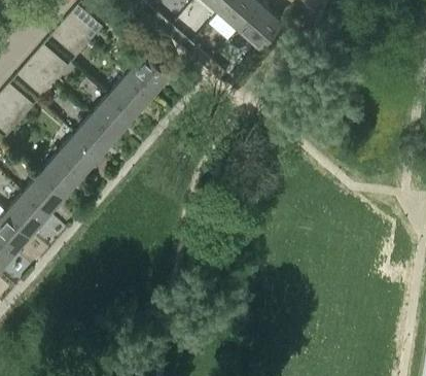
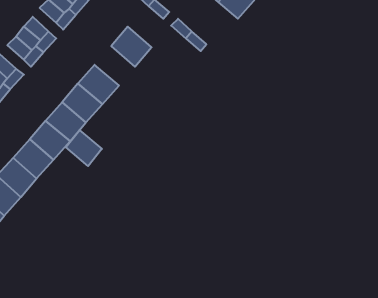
building: [108,77,150,118] -> none
building: none -> [66,130,102,166]

